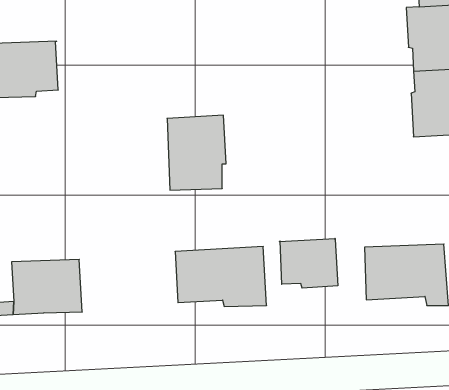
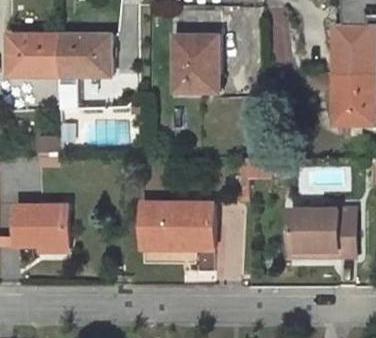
building: none -> [59,35,110,77]
building: [167,115,226,190] -> [174,36,219,93]
building: [279,238,338,288] -> none

